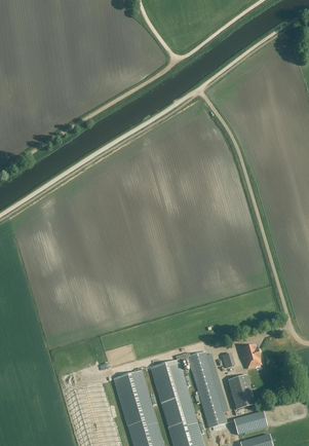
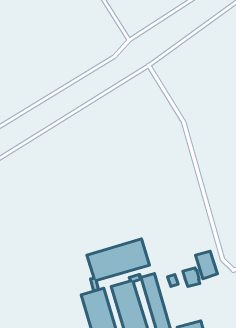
building: none -> [87,239,149,291]
building: [227,375,255,410] -> [196,251,218,279]

